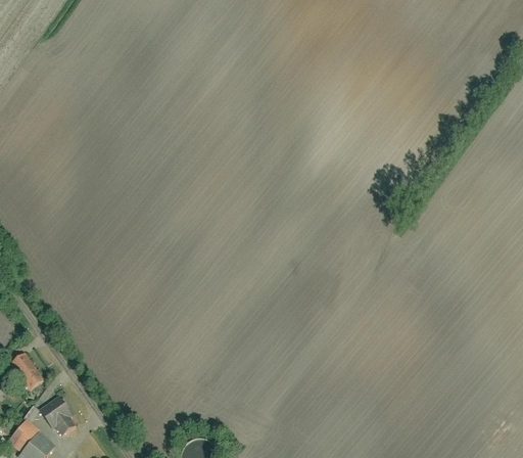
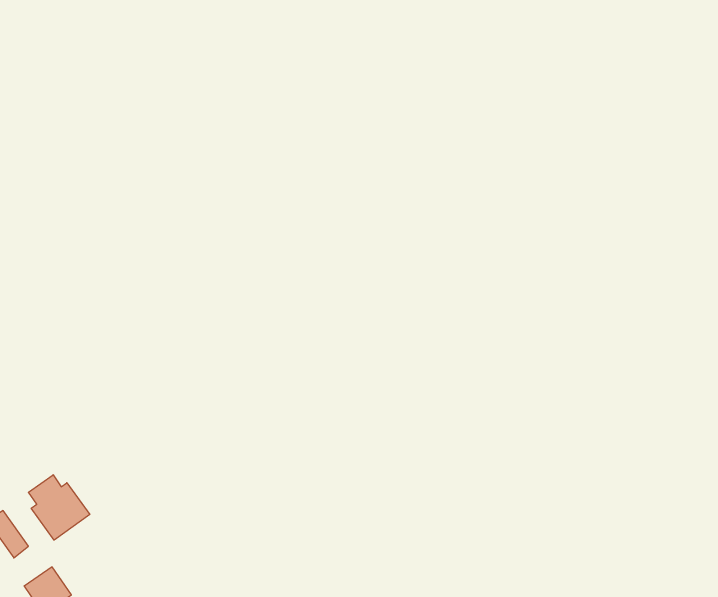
building: none -> [28,475,90,540]

